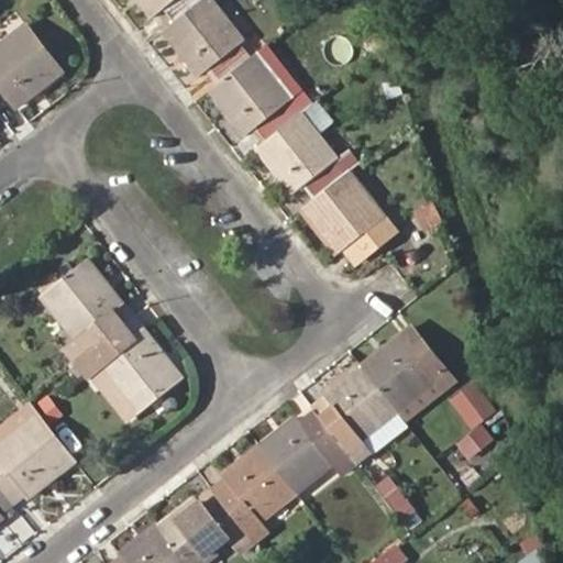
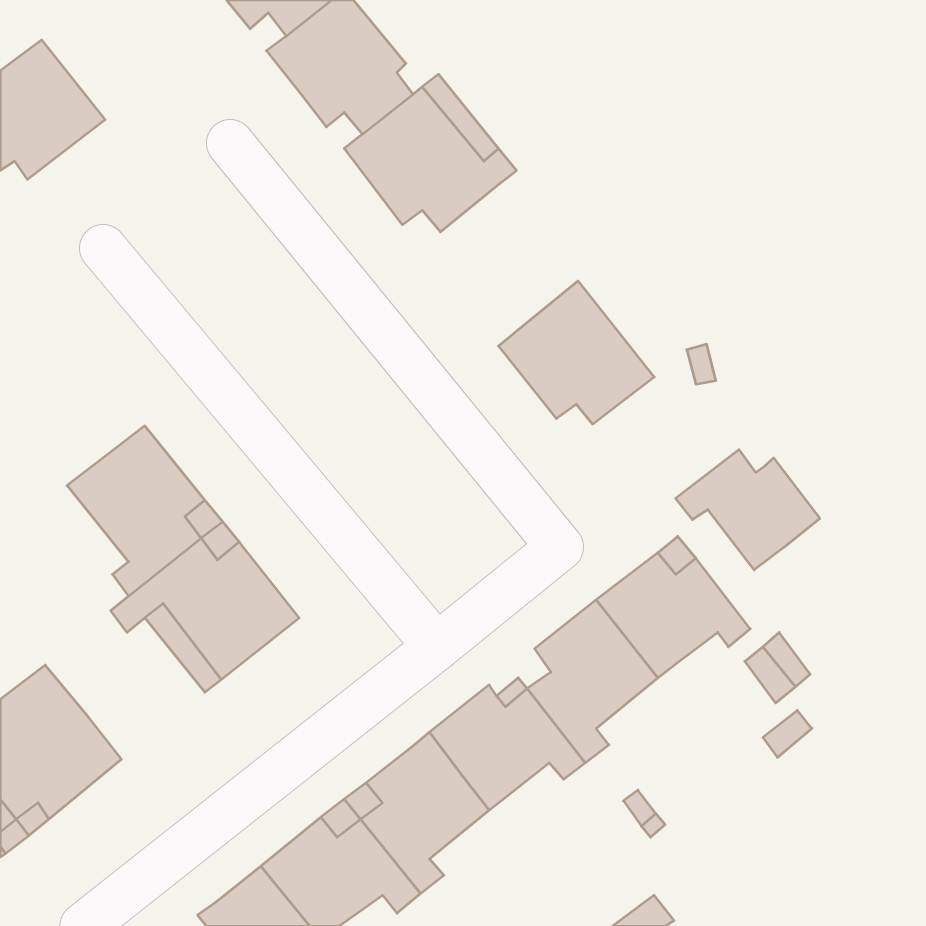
building: [255,111,361,200] -> none
building: none -> [676,450,820,570]

